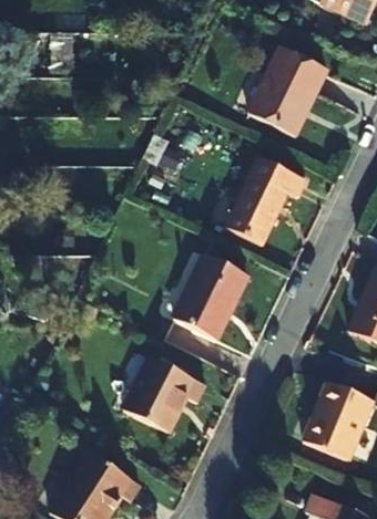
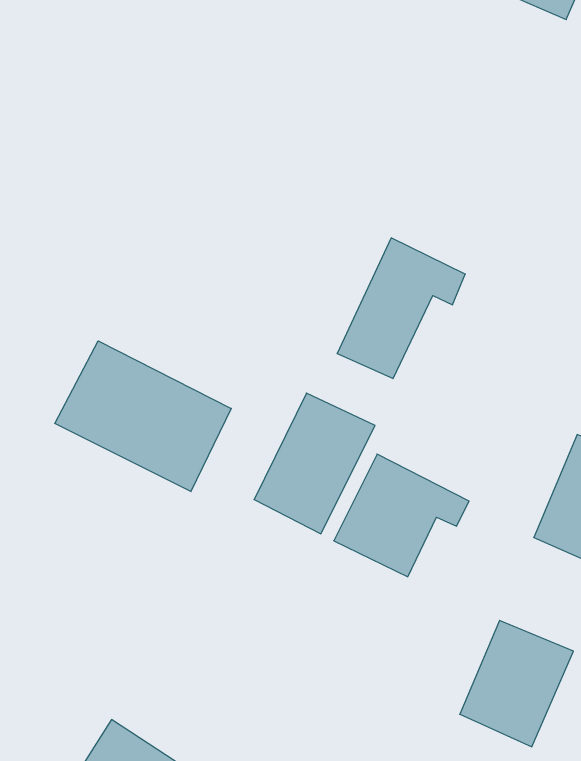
building: [245,51,323,139] -> none
building: none -> [55,341,231,492]
building: [123,354,206,429] -> [334,454,469,577]

